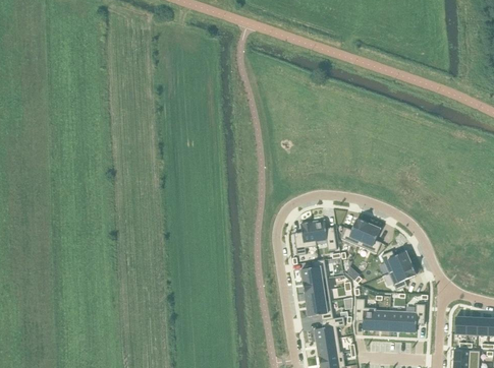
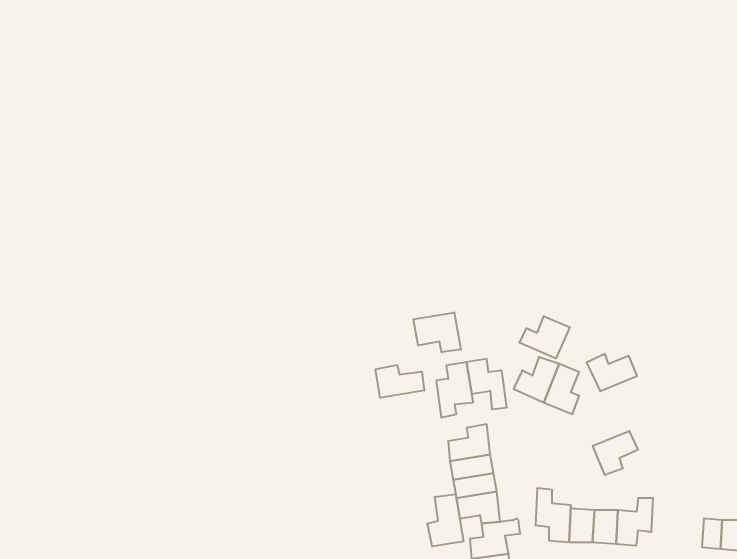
building: none -> [413,312,461,352]
building: none -> [519,316,570,358]
building: none -> [376,365,424,398]
building: [380,250,410,272] -> [587,354,637,391]
building: none -> [427,494,464,547]

